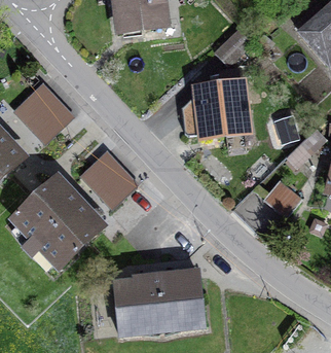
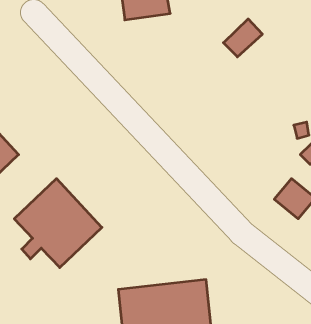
building: [182,69,247,136] -> none
building: [15,85,72,142] -> none
building: [83,152,136,206] -> none

